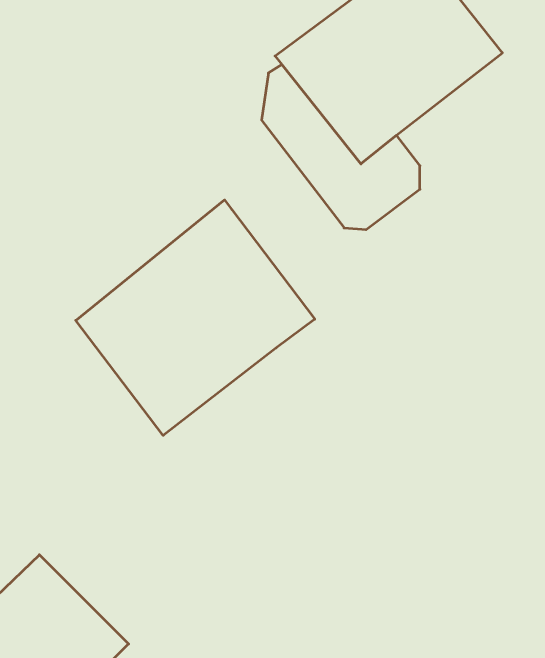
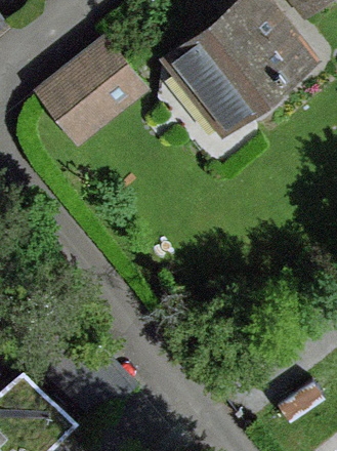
building: none -> [43,40,148,139]
building: [76,200,315,435] -> none

